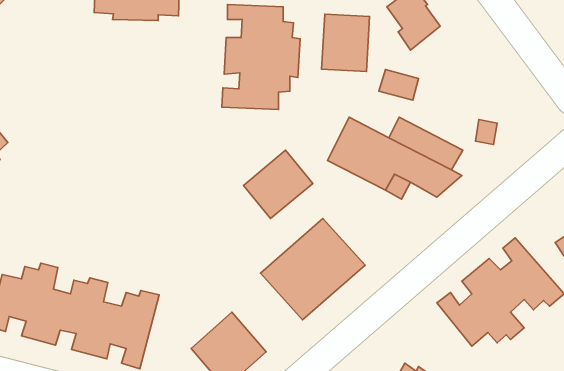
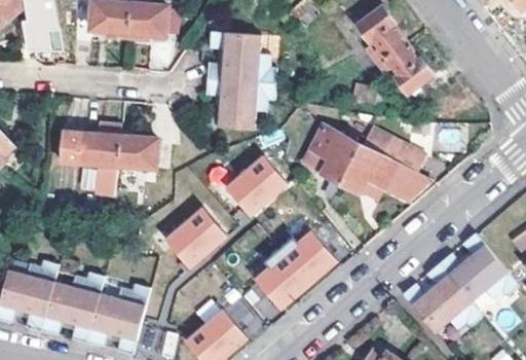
building: [322,14,370,71] -> none
building: none -> [378,43,430,93]
building: none -> [63,124,160,197]
building: none -> [165,207,228,268]
building: none -> [226,286,276,330]

